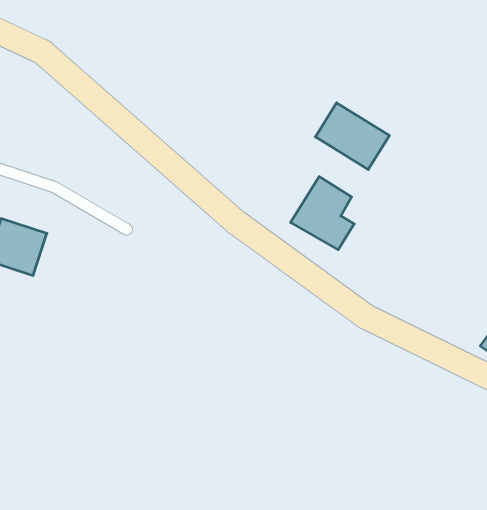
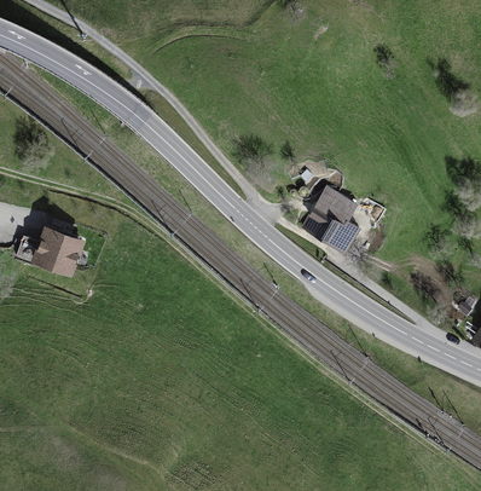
building: [315,103,389,170] -> none

